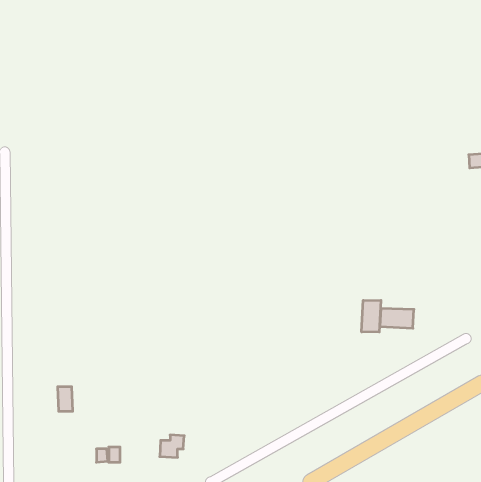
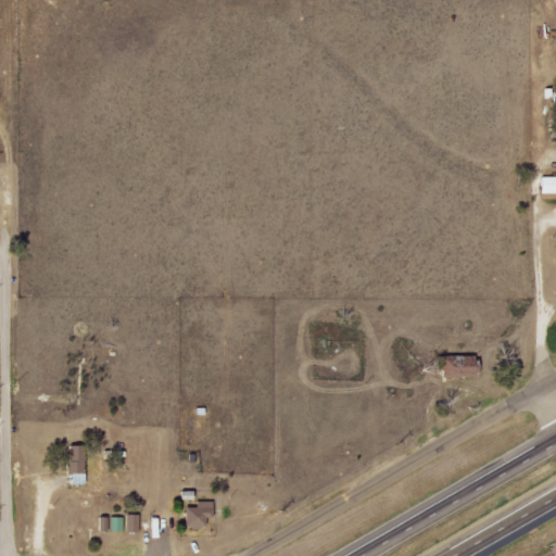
building: [362,300,381,332] -> none

